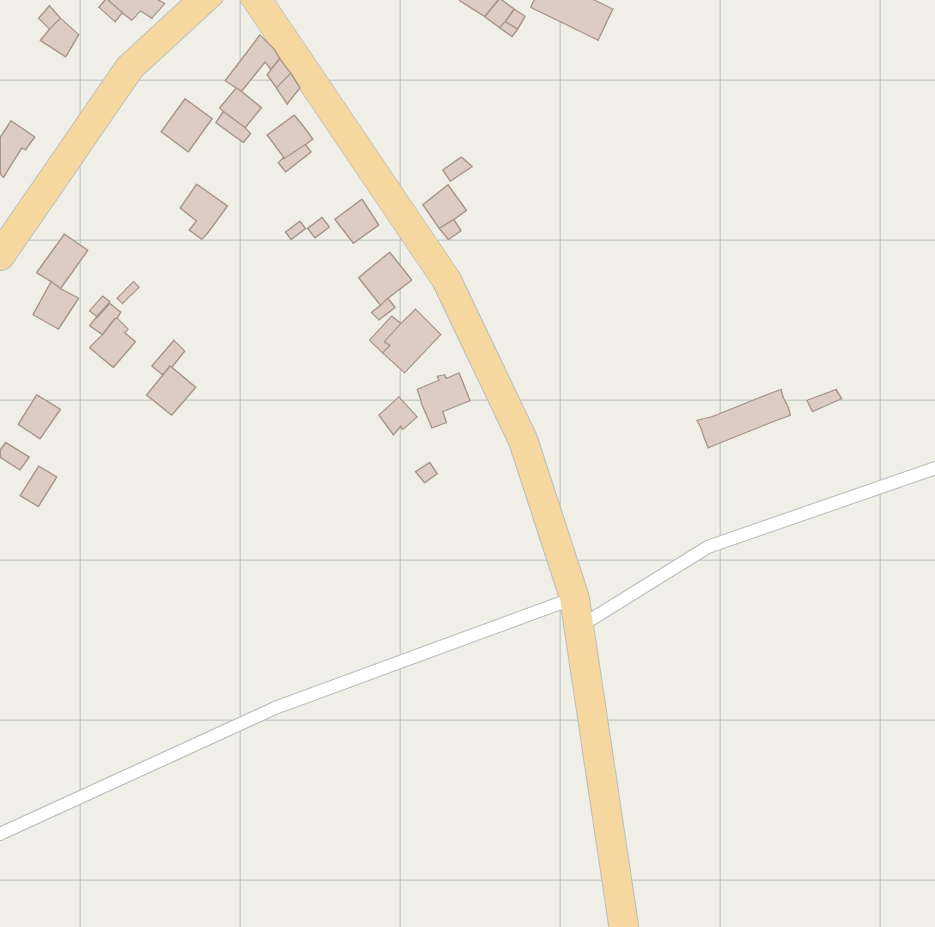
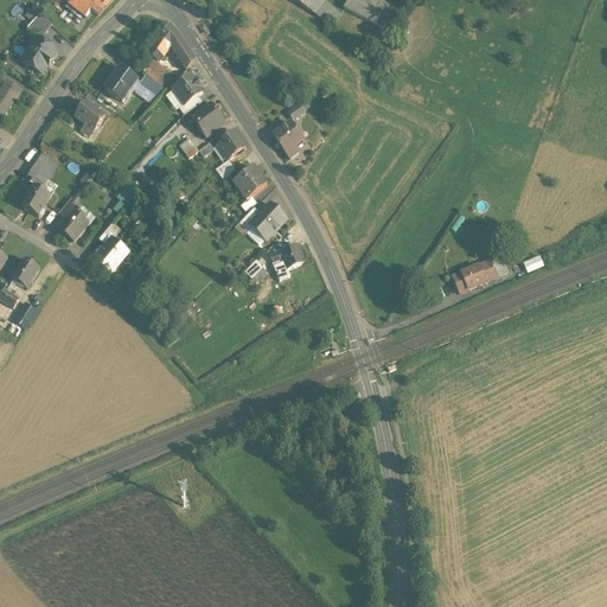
building: none -> [23,37,56,71]
building: none -> [192,102,225,135]
building: [180,184,228,239] -> [75,100,106,135]

